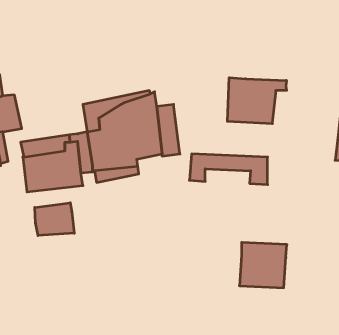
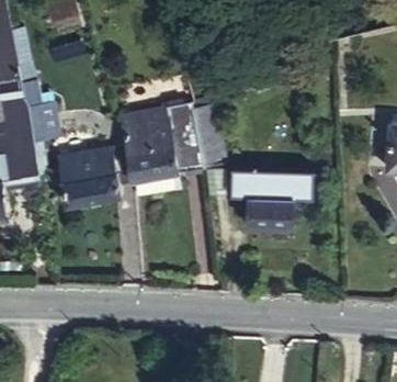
building: [227,78,287,124] -> none
building: [35,203,74,236] -> none
building: [239,242,287,288] -> [247,182,296,229]

